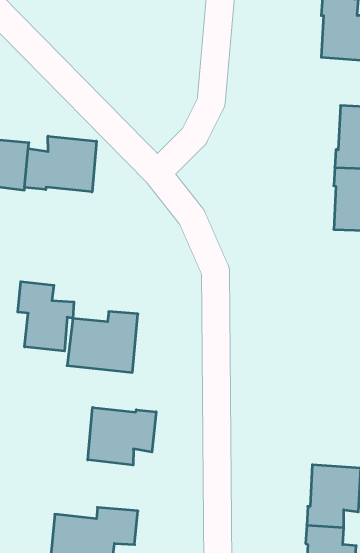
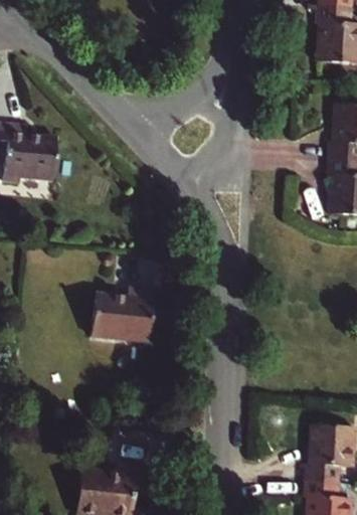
building: [25,136,96,192] -> none
building: [18,282,74,351] -> none
building: [88,407,156,465] -> none

